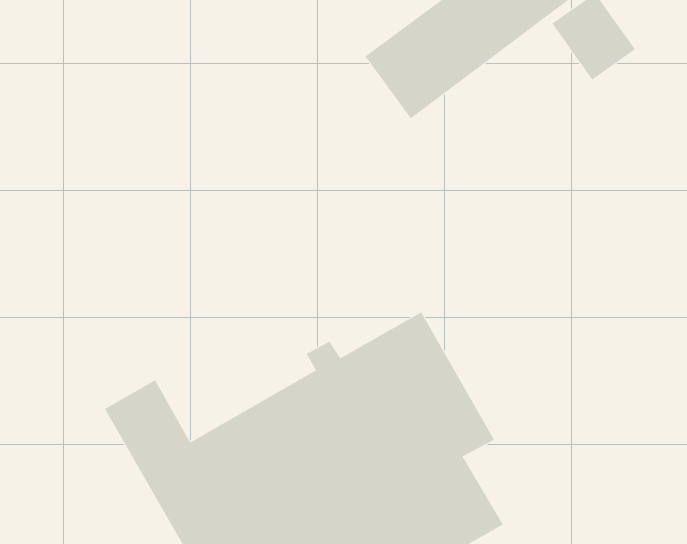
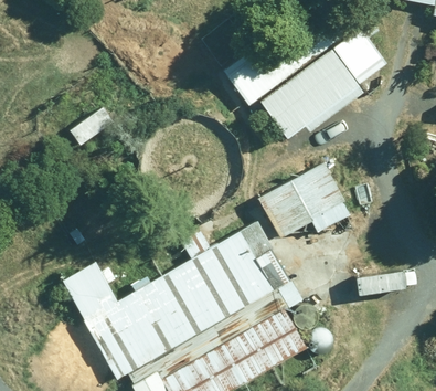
building: none -> [257,51,362,141]
building: none -> [260,162,348,237]

